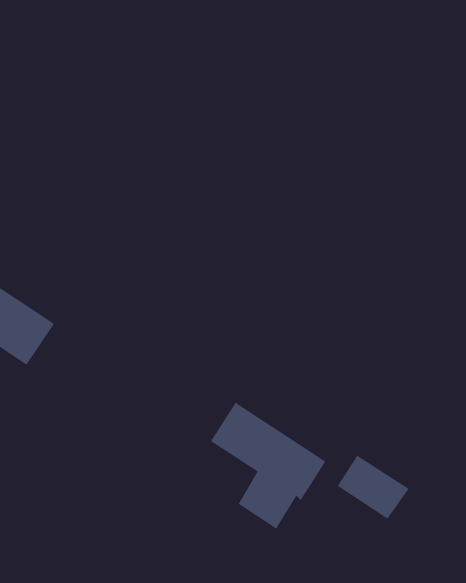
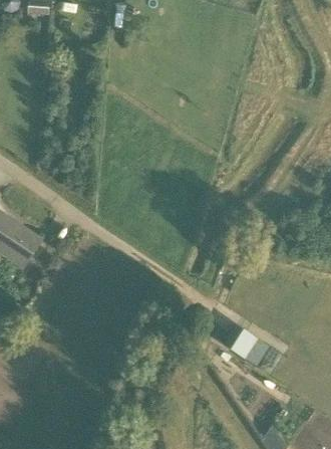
building: [210,402,326,529] -> none

